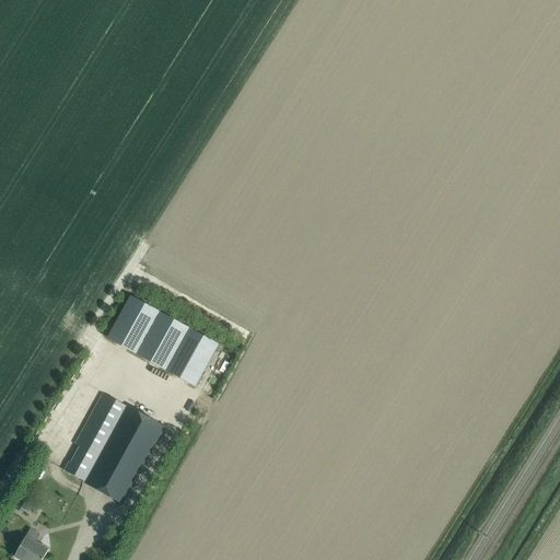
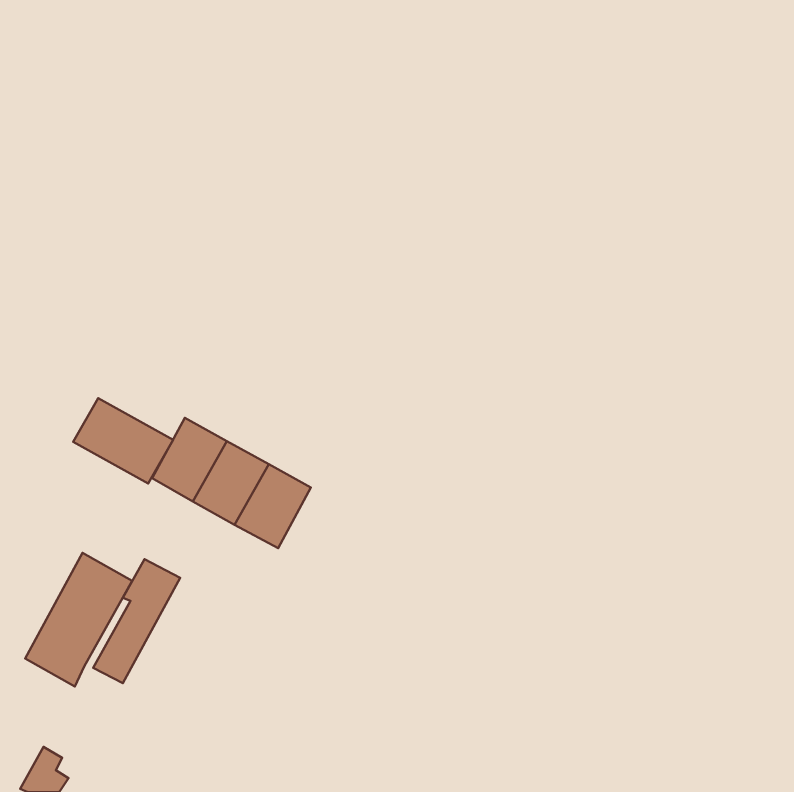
building: none -> [73,398,173,484]
building: [86,407,162,501] -> [25,553,132,687]

